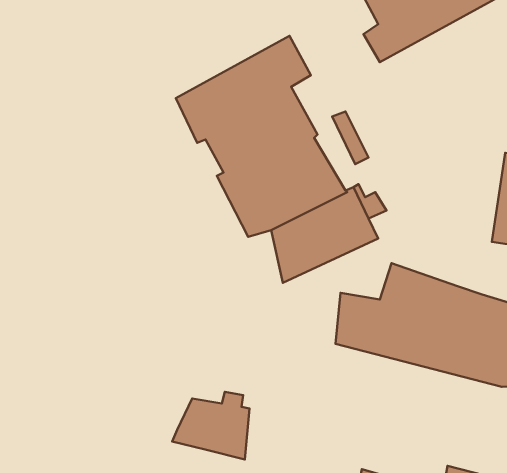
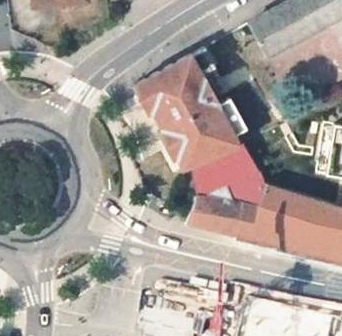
building: [172,392,250,459] -> [188,192,235,233]

